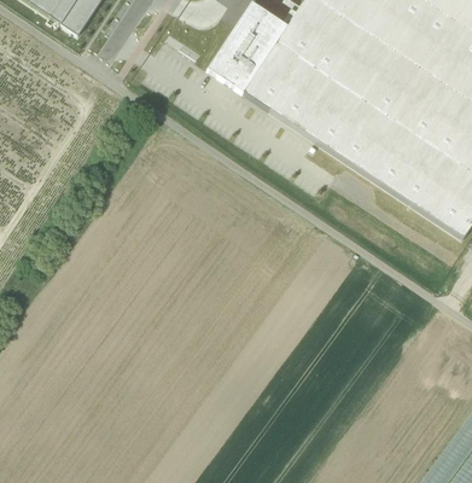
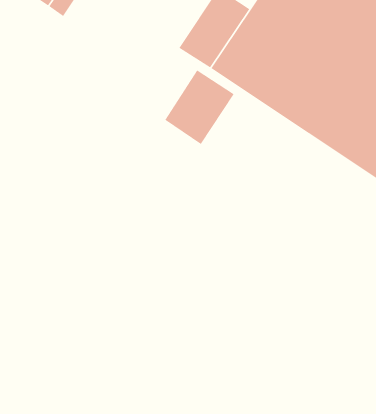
building: none -> [165,69,234,145]

